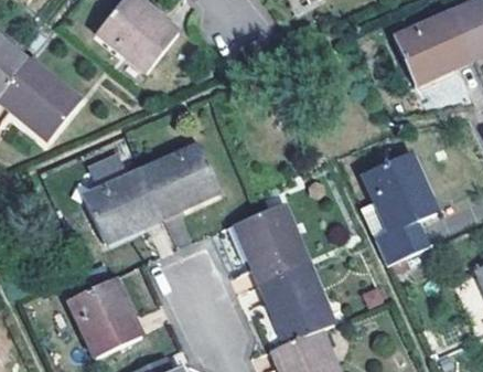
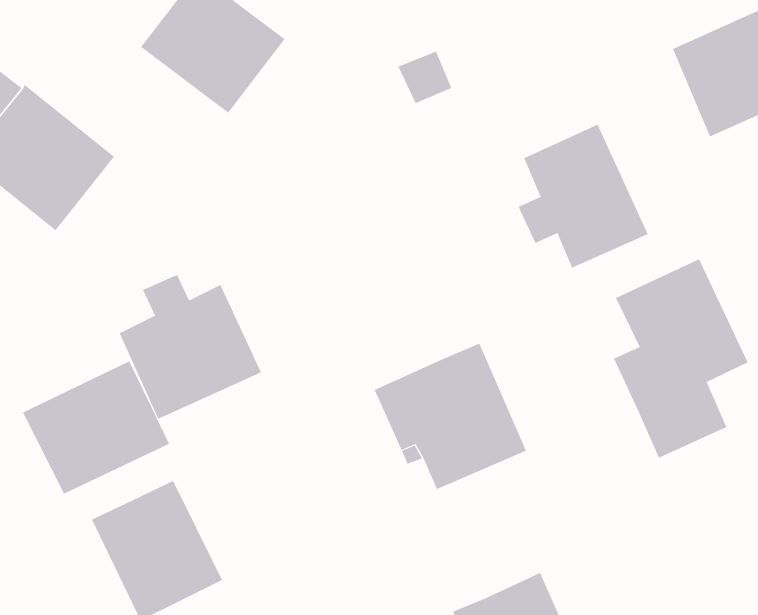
building: none -> [518,124,649,268]
building: [140,142,219,217] -> none
building: none -> [22,360,170,495]
building: [261,262,340,344] -> none

